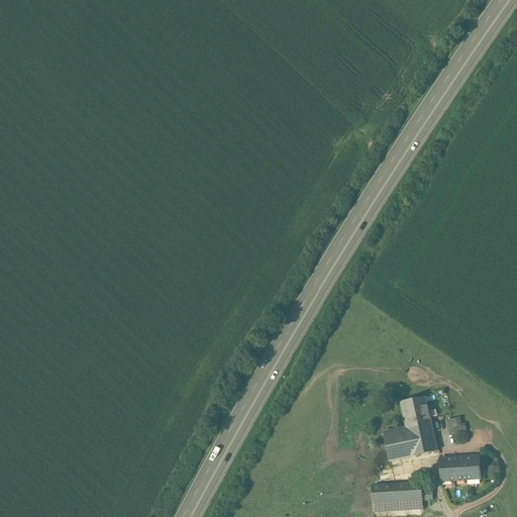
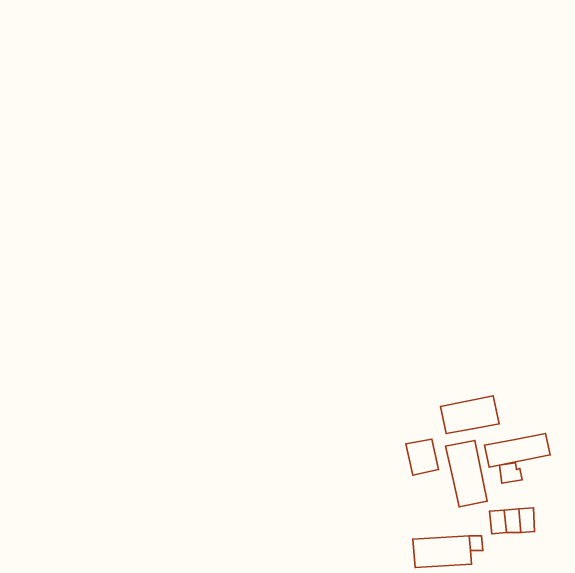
building: none -> [441,396,499,434]
building: none -> [484,434,550,467]
building: [383,428,412,460] -> [406,439,439,475]

